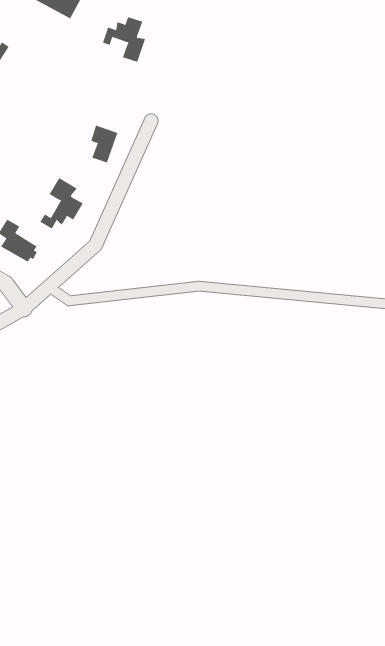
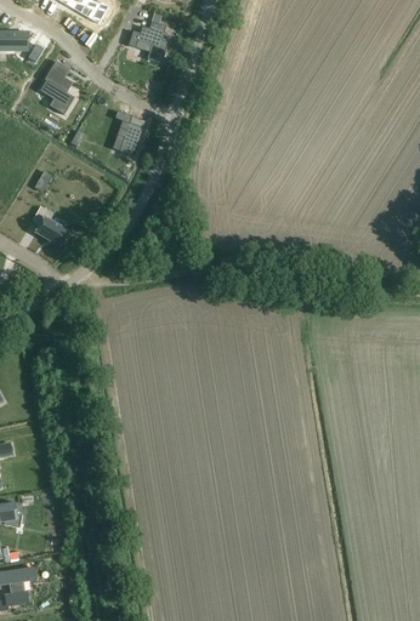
building: none -> [39,62,74,109]
building: [40,177,84,229] -> none

